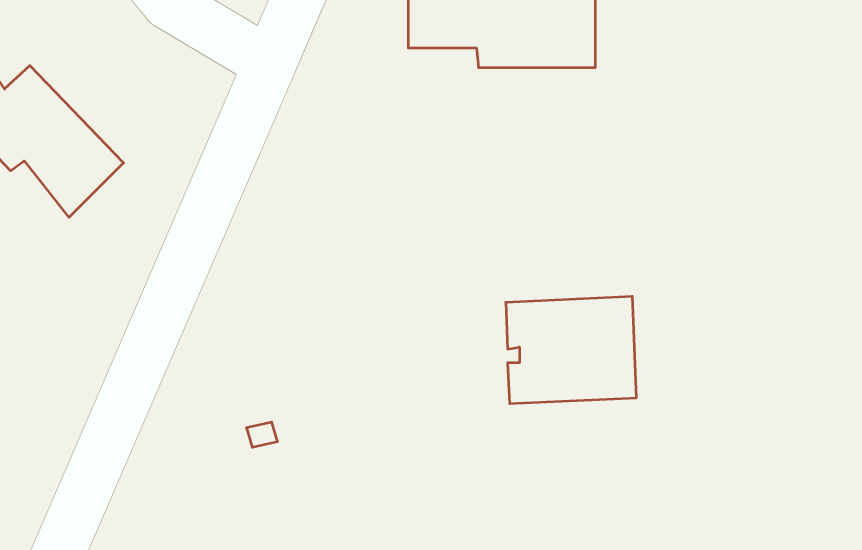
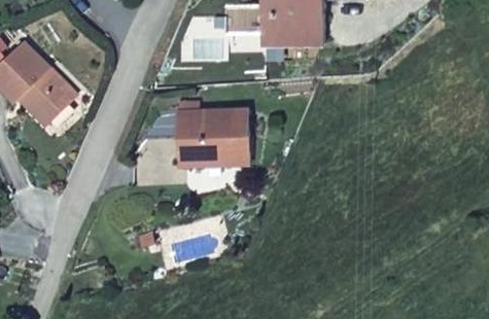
building: [506,296,636,404] -> [177,109,246,166]

